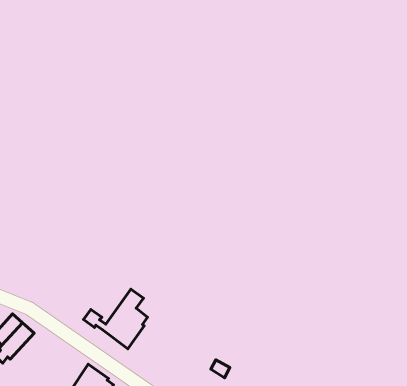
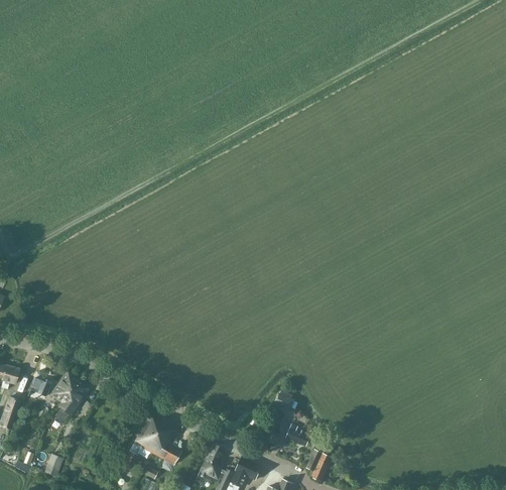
building: [83,289,148,349] -> none

